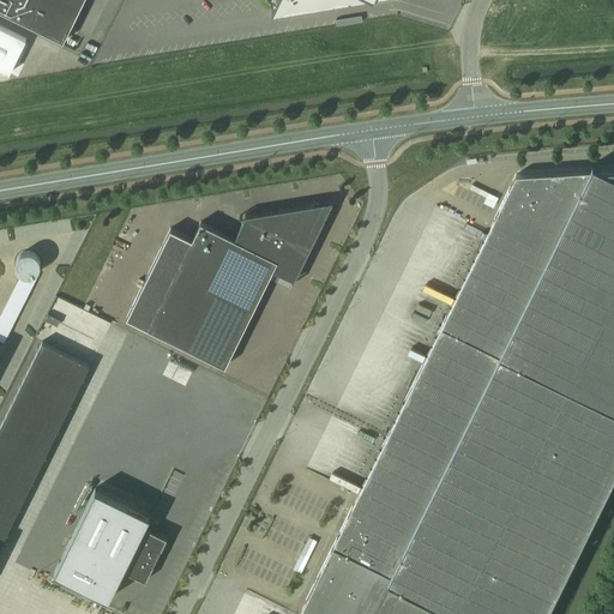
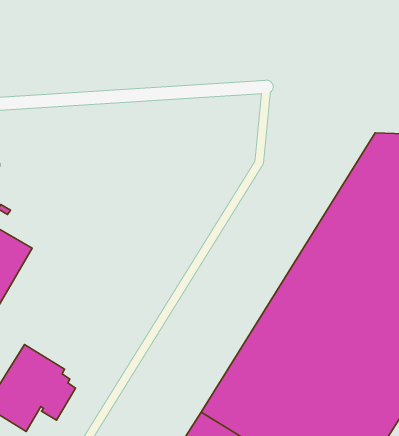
building: [127,207,325,371] -> none

